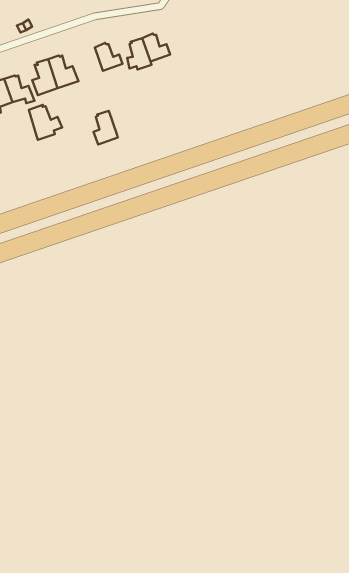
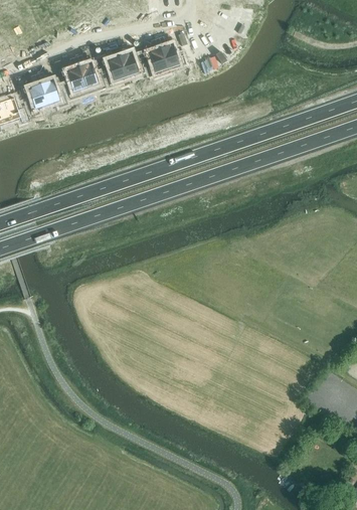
building: [29,105,62,140] -> none
building: [94,111,118,145] -> [105,53,126,82]

